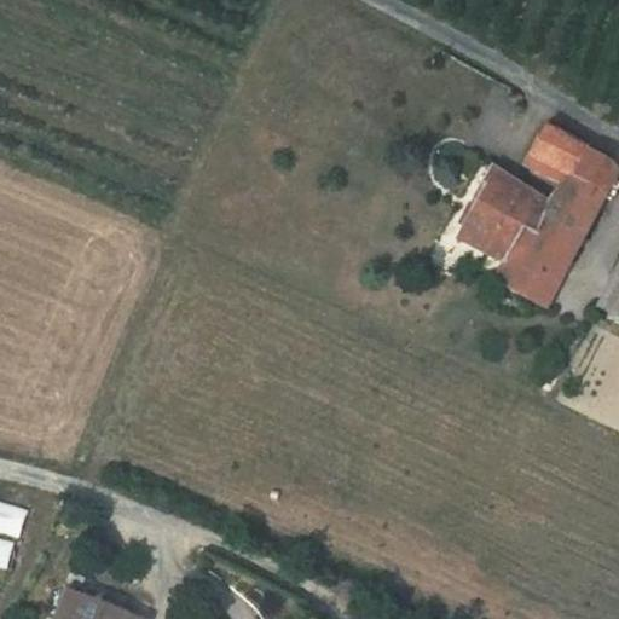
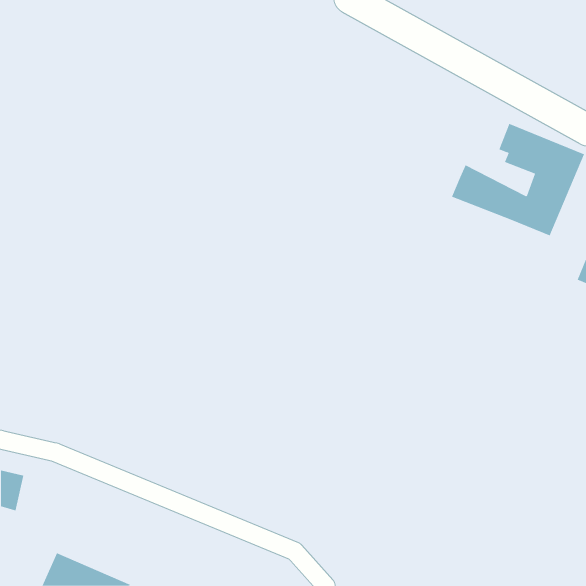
building: [462,207,580,305] -> none

